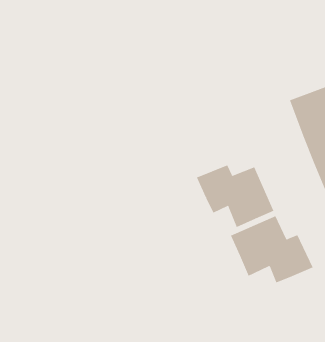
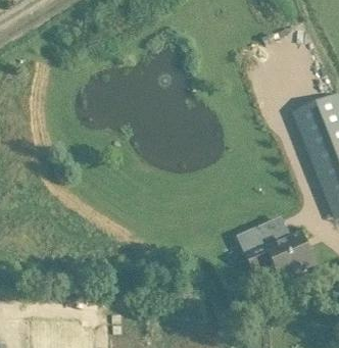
building: [196,165,274,228] -> none

